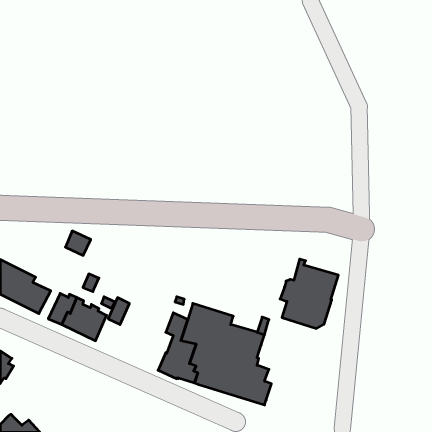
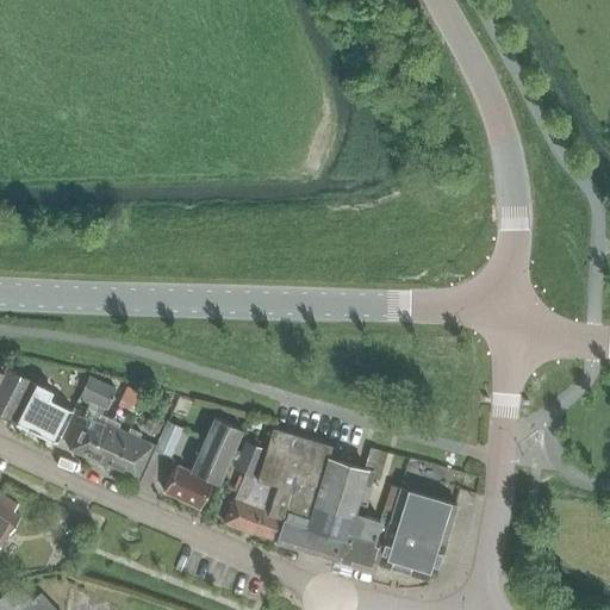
building: [65,231,91,255] -> [79,374,114,409]
building: [280,259,338,328] -> [373,481,455,579]
building: none -> [163,417,241,508]

